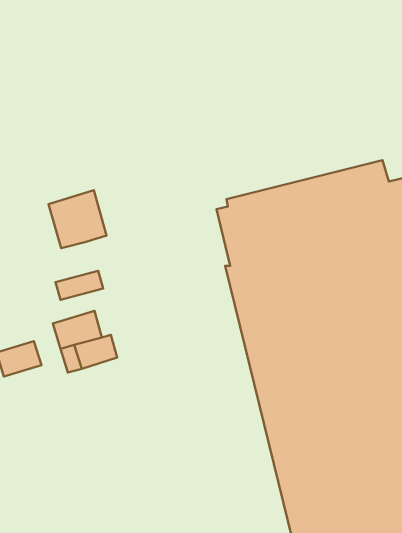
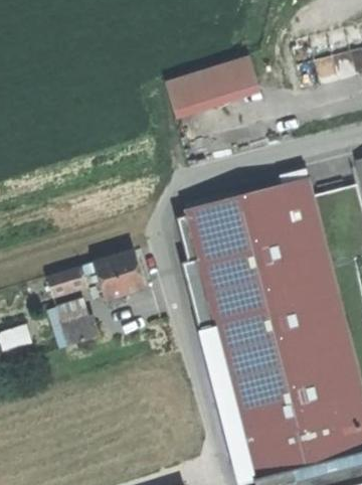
building: none -> [164,58,254,110]
building: [49,190,106,248] -> [97,252,143,298]

